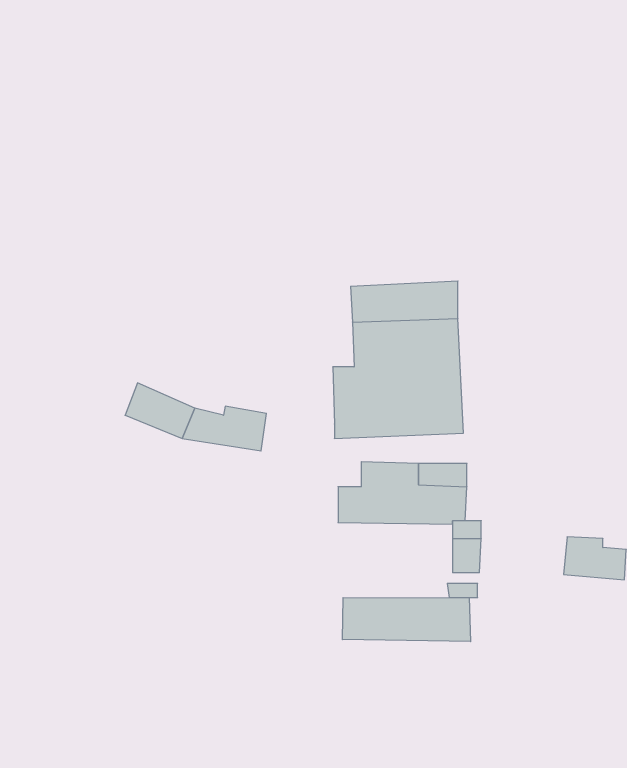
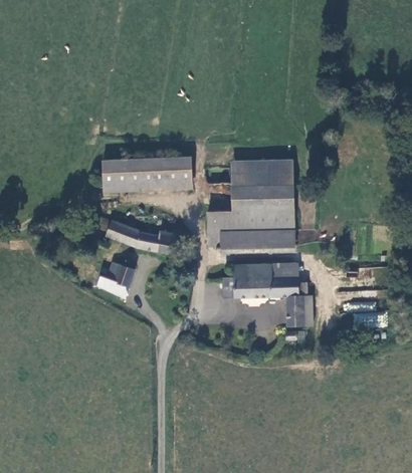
building: none -> [102,151,192,185]
building: none -> [207,210,222,243]
building: none -> [94,262,134,297]
building: [342,598,471,642] -> none

